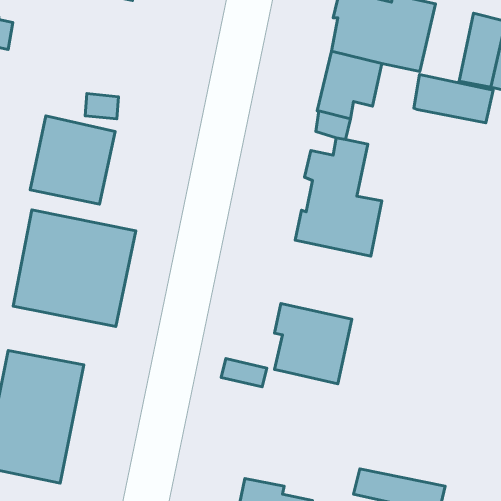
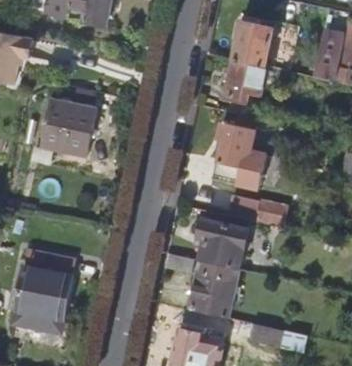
building: [414,75,493,123] -> none
building: [13,210,136,326] -> none
building: none -> [228,196,285,224]
building: none -> [187,261,237,318]

